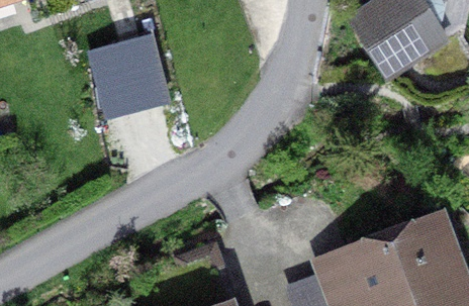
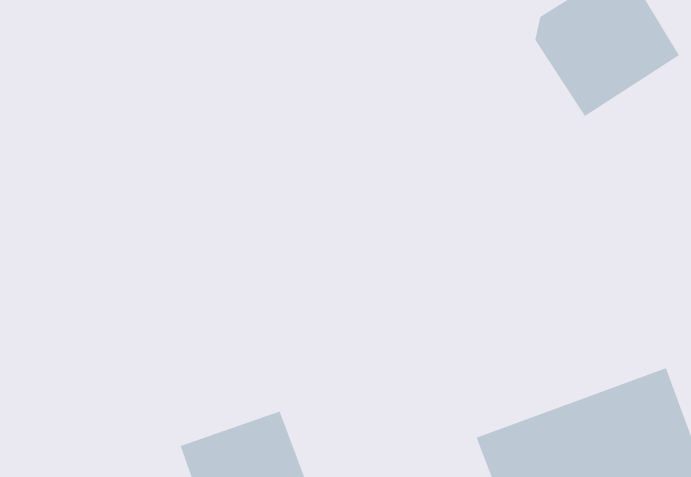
building: [91,32,177,120] -> none

